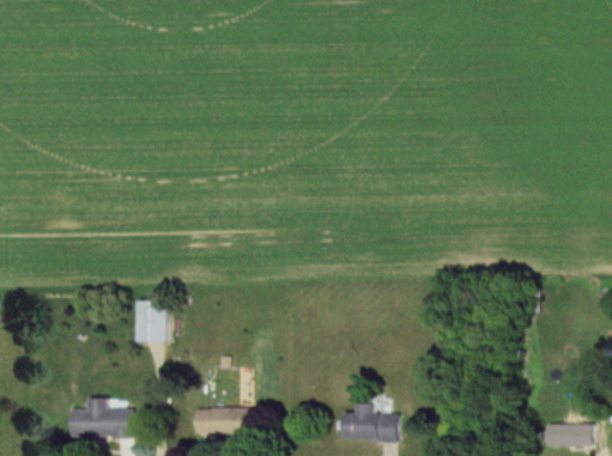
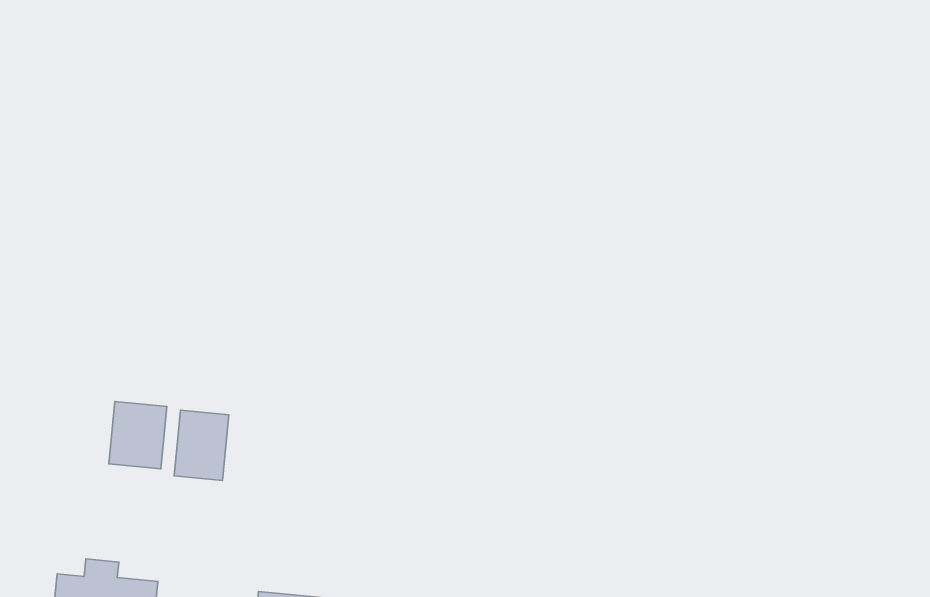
building: none -> [109,402,167,469]

